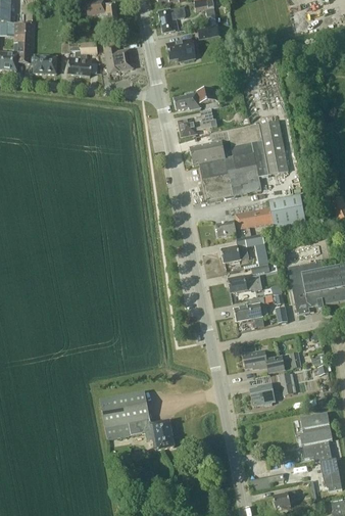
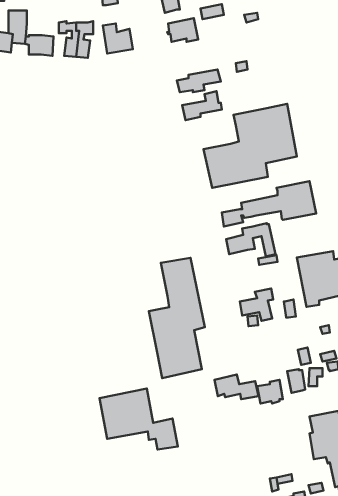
building: [190,131,230,165] -> none
building: none -> [149,258,205,378]
building: [228,275,262,293] -> none
building: [243,349,285,373] -> [214,375,258,399]

